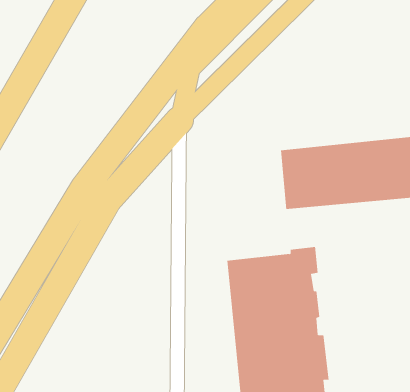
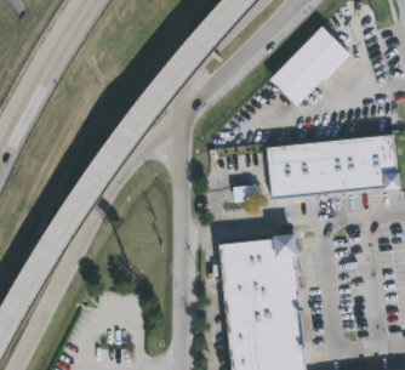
building: none -> [262,24,346,116]

